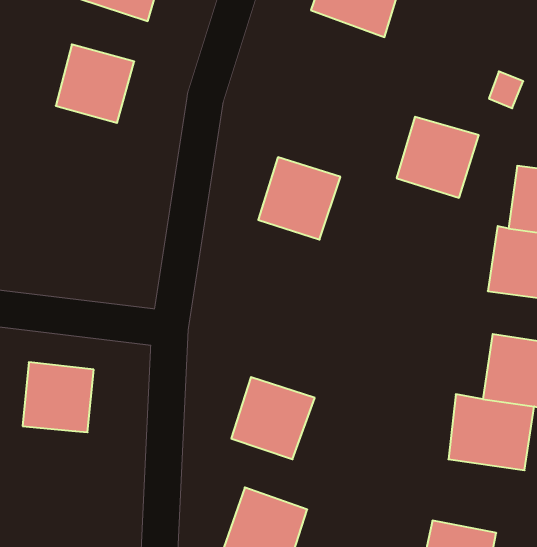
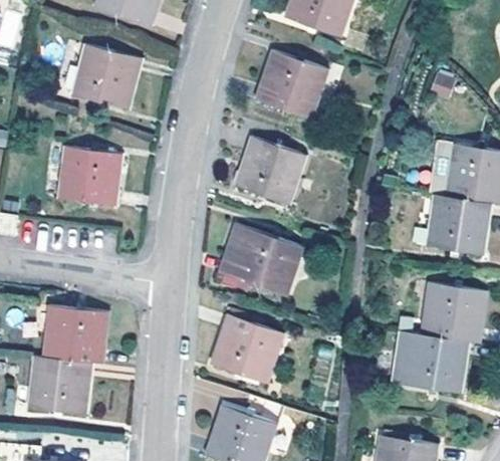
building: [397,117,479,198] -> [258,52,325,119]
building: none -> [56,144,119,206]
building: none -> [224,227,302,298]
building: none -> [32,357,89,414]

